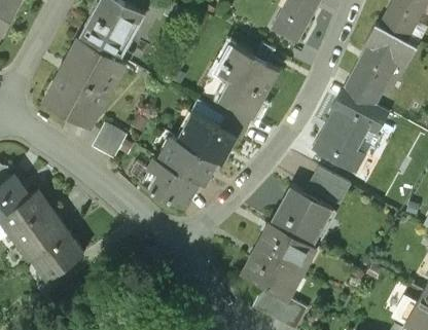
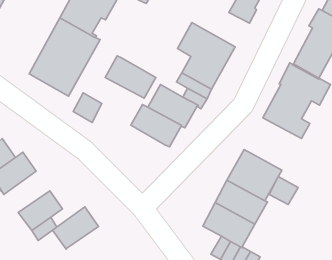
building: [141,157,199,206] -> [105,56,156,98]
building: [311,171,344,203] -> [269,177,298,204]
building: [14,212,67,260] -> [53,207,98,249]

